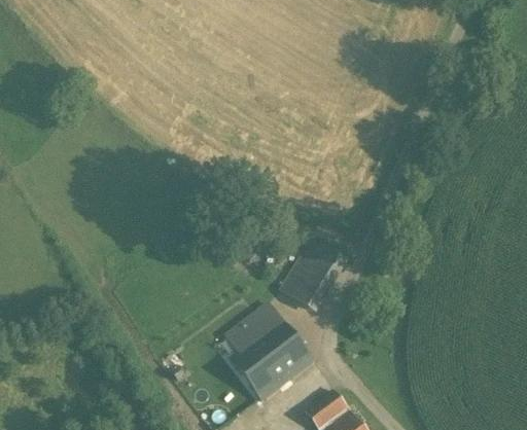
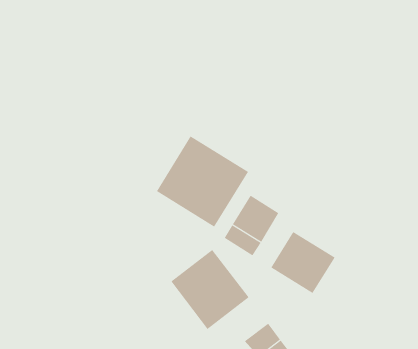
building: none -> [156,135,249,228]
building: none -> [270,231,335,294]

